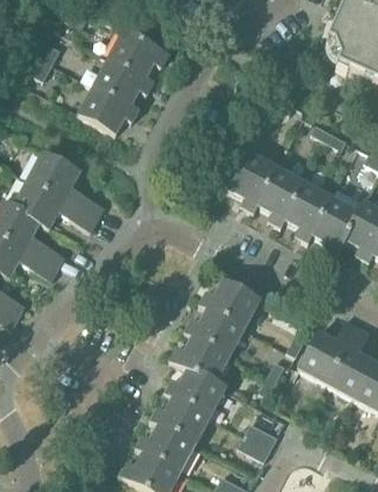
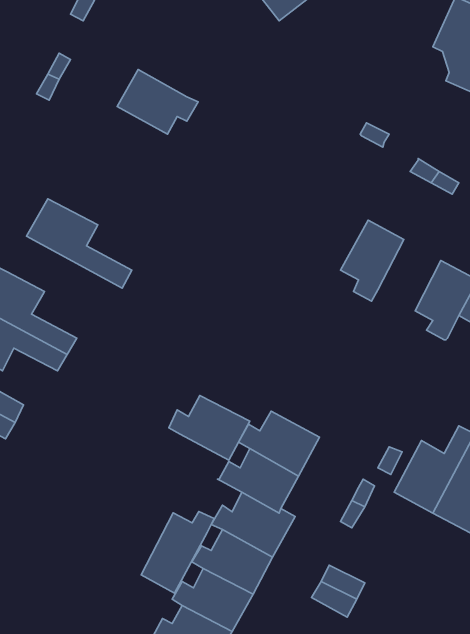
building: [110,30,168,76] -> none
building: [79,84,140,134] -> none
building: [229,150,279,213] -> none
building: [13,179,98,229] -> none
building: [286,182,333,241] -> none
building: [199,279,259,327] -> [169,395,250,460]
building: none -> [141,511,214,593]

